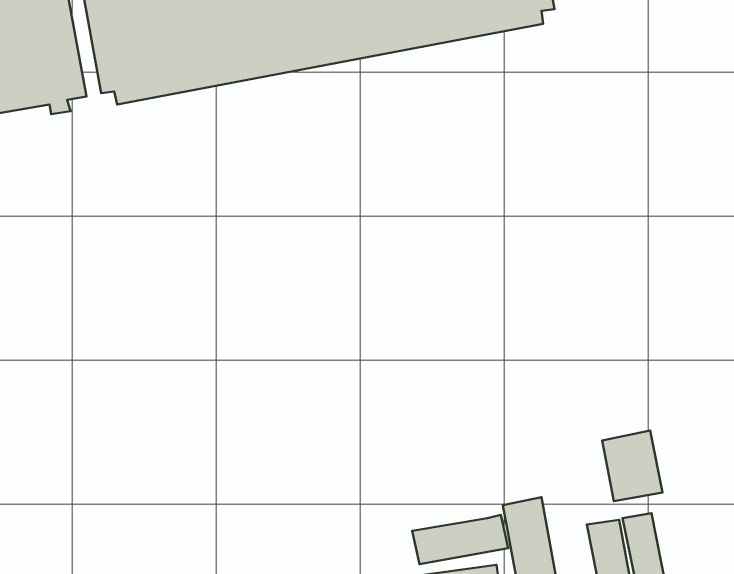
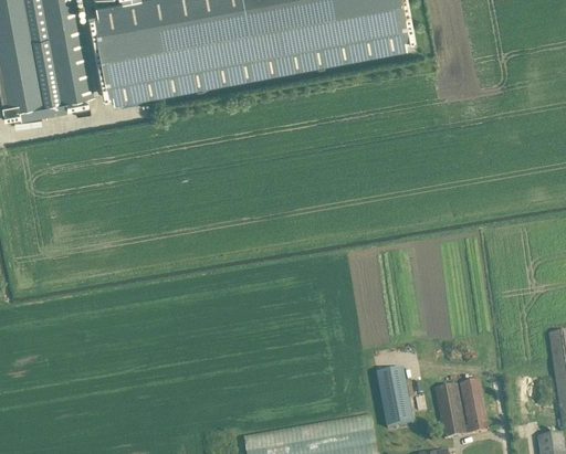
building: [602,430,662,501] -> none
building: [412,515,508,564] -> none

